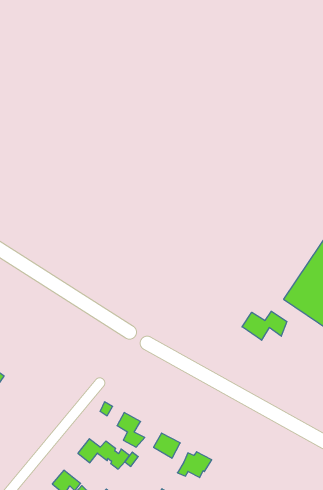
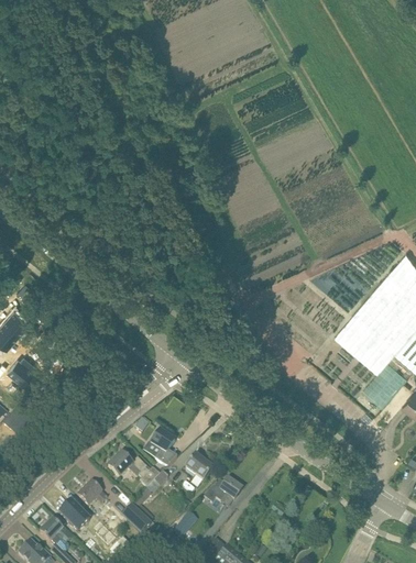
building: [242,311,287,340] -> none

